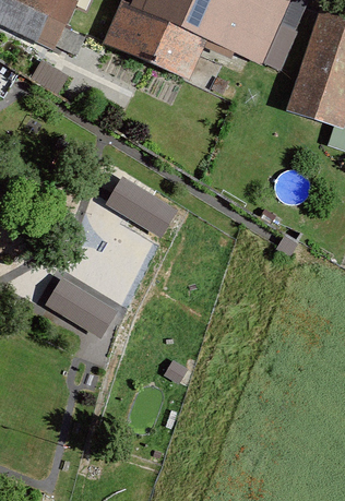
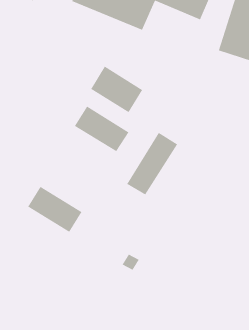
building: none -> [90,66,143,113]
building: none -> [126,132,178,195]

